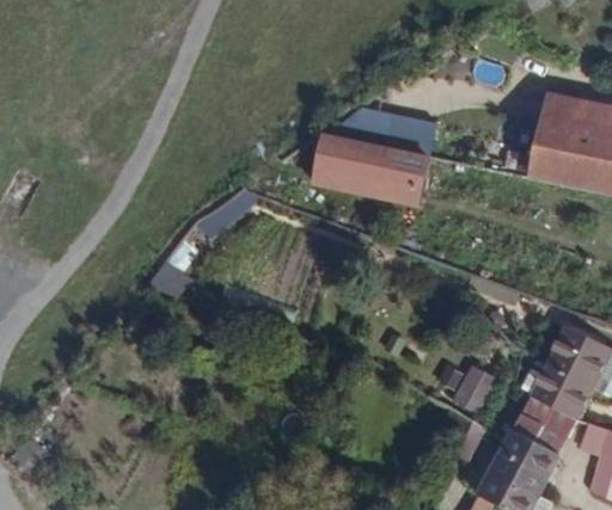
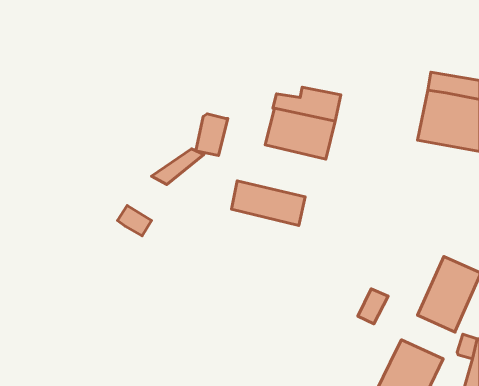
building: [310,133,350,185] -> [196,114,228,155]
building: none -> [232,181,305,226]
building: [510,398,579,455] -> none

